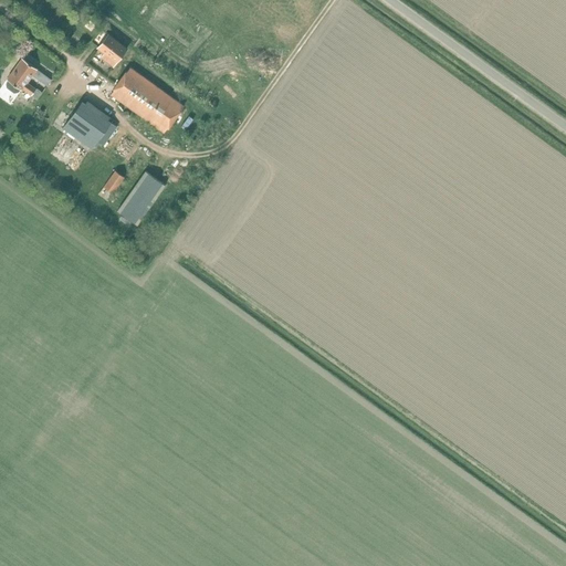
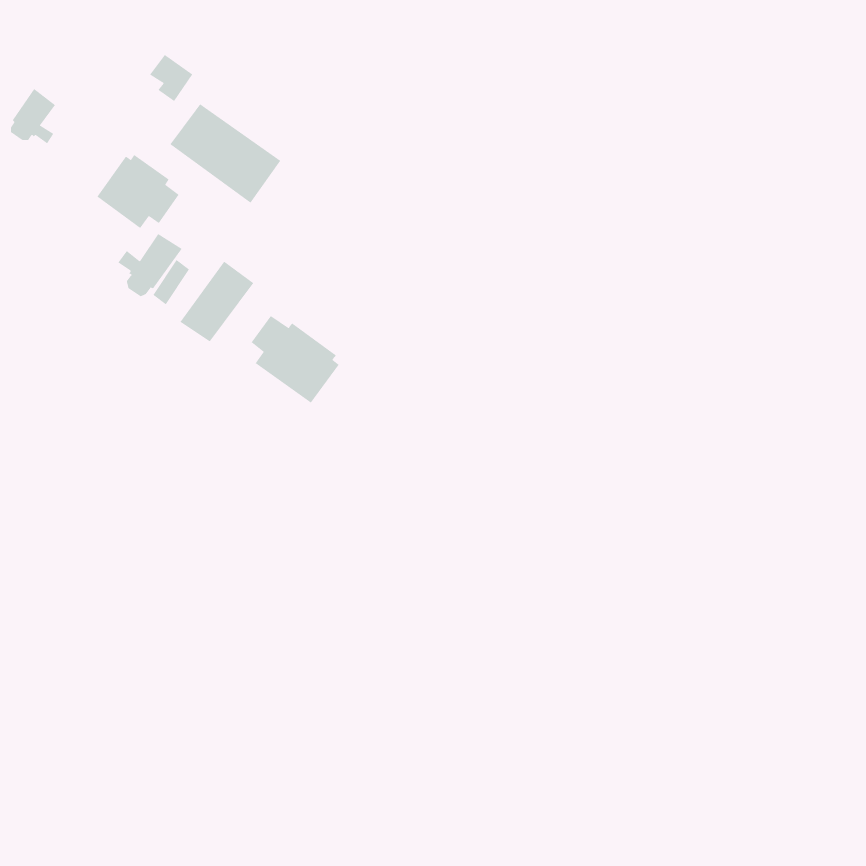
building: none -> [118,233,183,297]
building: none -> [251,315,339,403]

